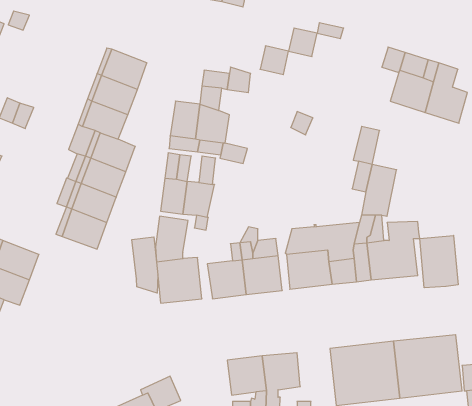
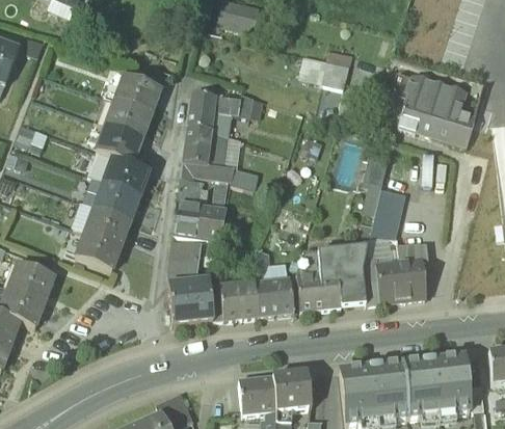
building: [260,46,289,75] -> [322,59,350,87]
building: none -> [188,92,216,129]
building: [420,235,458,288] -> none
building: [132,237,158,293] -> none

